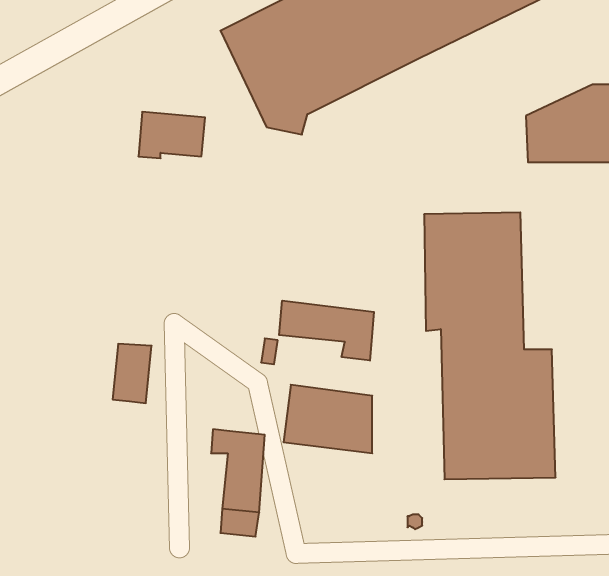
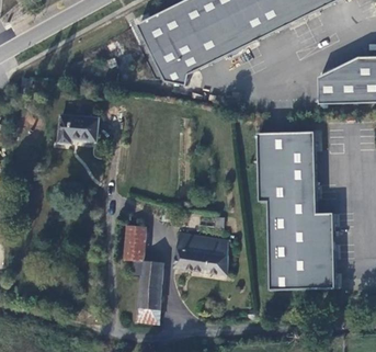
building: [138,112,205,158] -> [57,115,96,143]
building: [279,301,374,361] -> none
building: [113,344,152,403] -> [122,226,145,261]

